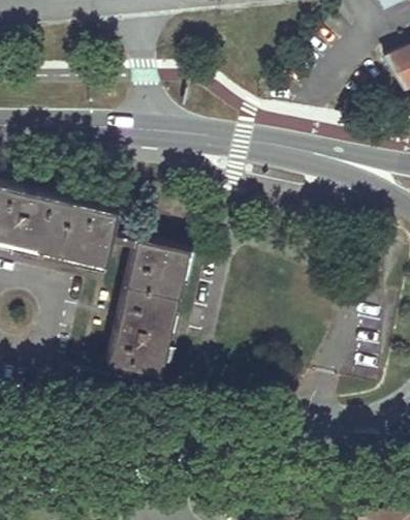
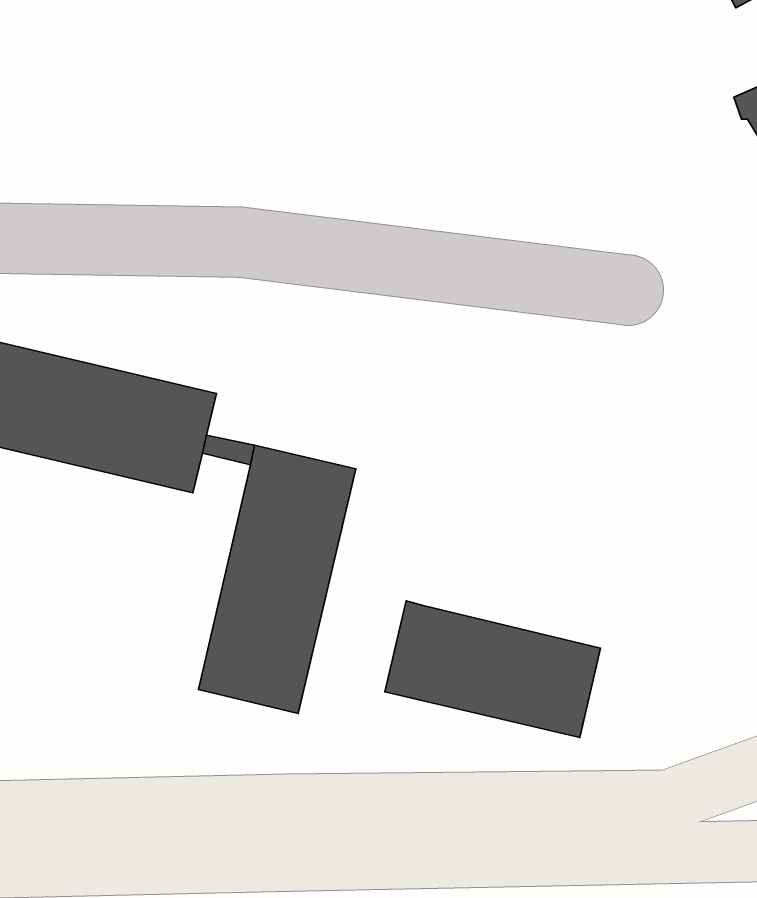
building: none -> [385,601,600,737]

